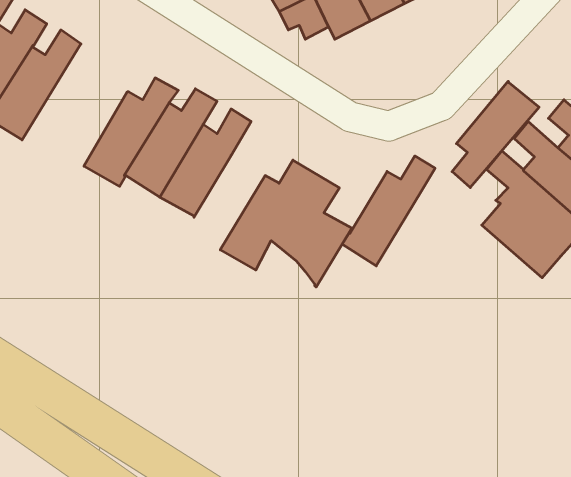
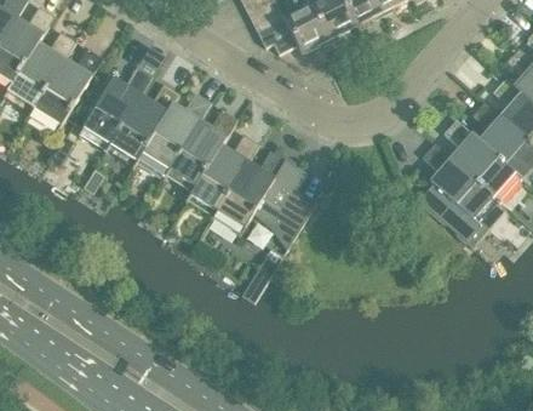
building: none -> [80,64,153,150]
building: [452,81,539,188] -> none
building: [342,156,435,266] -> [187,130,259,216]

